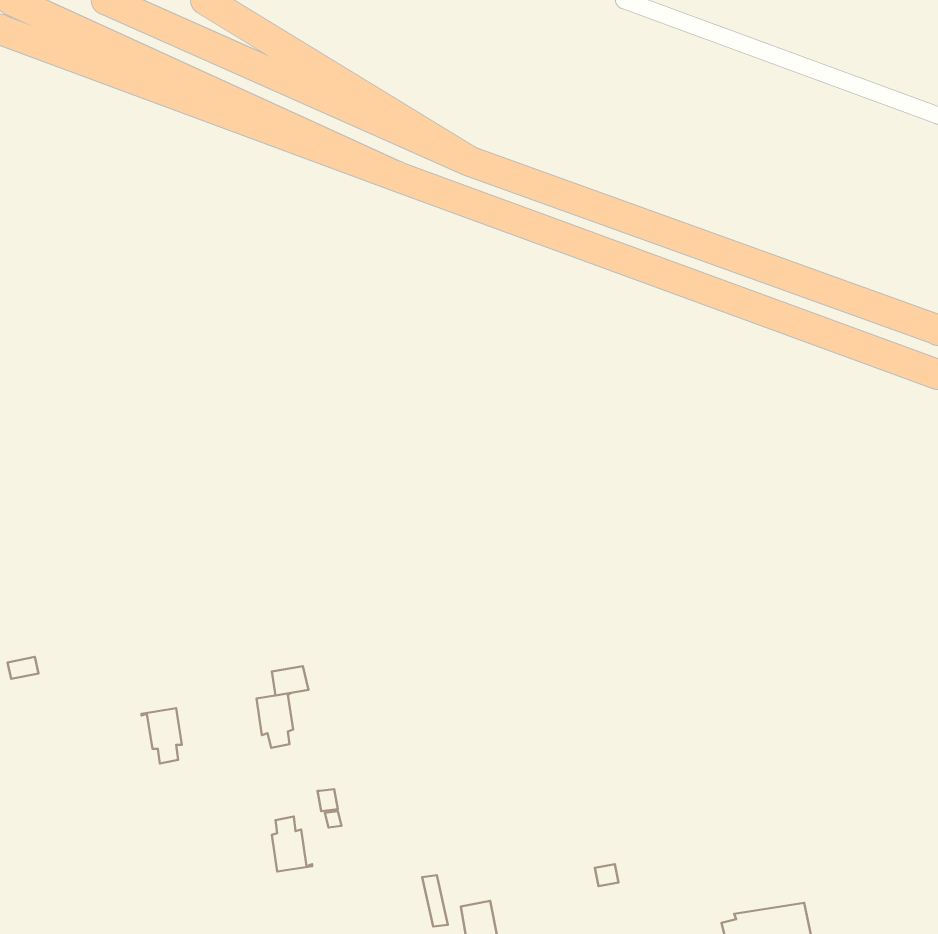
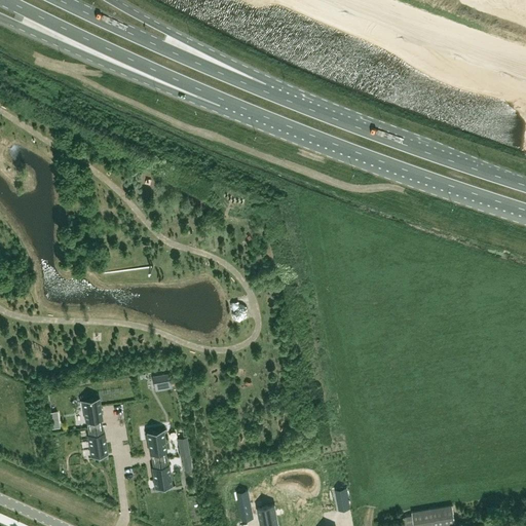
building: [256,693,293,748] -> [146,430,166,461]
building: none -> [87,427,108,458]

